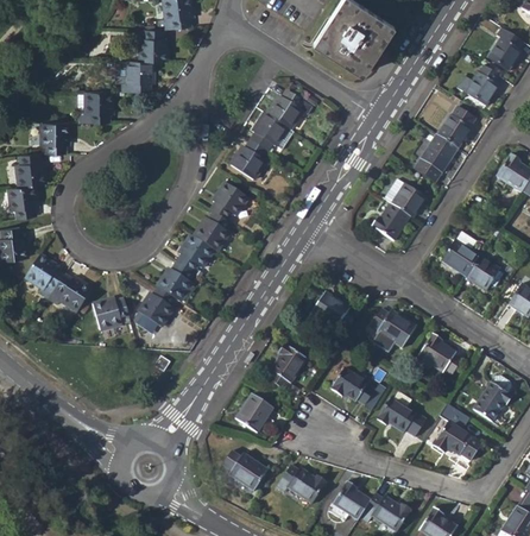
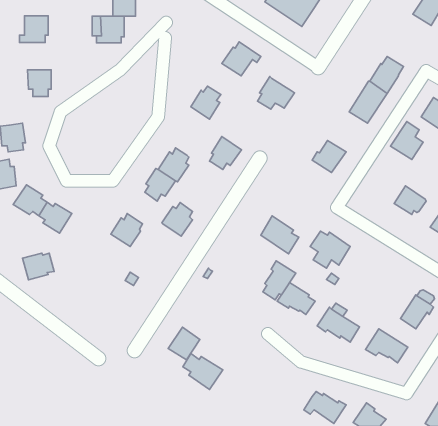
building: [458,64,498,106] -> none
building: [80,90,113,121] -> [19,16,48,42]
building: [250,112,292,150] -> [258,76,295,109]
building: [17,152,46,185] -> none
building: [384,178,425,217] -> none
building: [210,182,247,220] -> [210,137,241,169]
building: [441,232,479,276] -> [390,122,423,160]
building: [156,263,191,302] -> [162,202,192,236]
building: [93,298,130,329] -> [22,253,54,280]
building: [418,333,461,374] -> none
building: [269,343,307,389] -> [263,261,296,300]
building: [235,393,272,431] -> [168,327,200,360]
building: [280,465,326,503] -> none
building: [333,481,371,519] -> none

